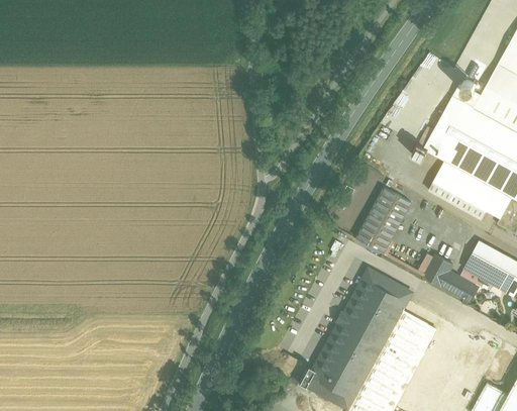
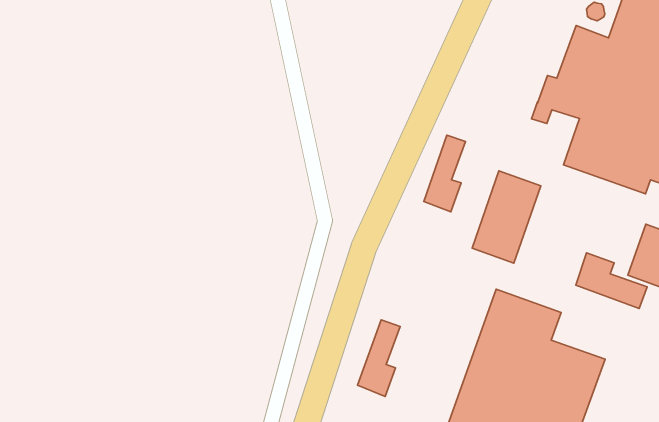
building: none -> [424,135,465,212]
building: none -> [357,320,400,396]

